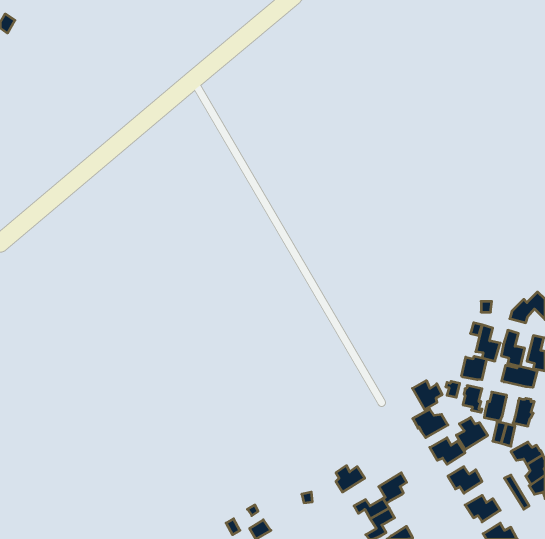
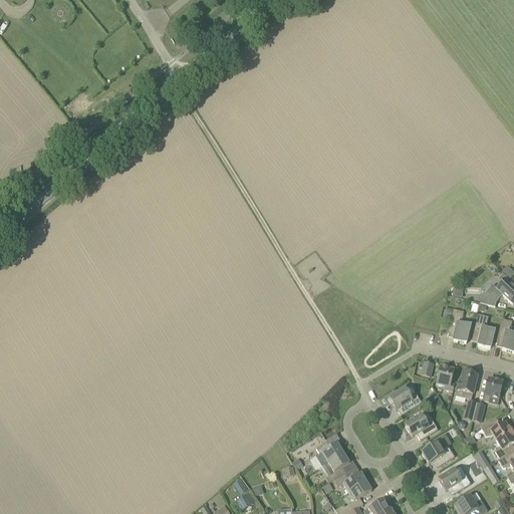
building: [462,356,487,380] -> none
building: [502,365,537,387] -> none
building: [412,381,442,410] -> none
building: [456,417,488,450] -> none
building: [379,473,407,504] -> [322,451,348,480]

